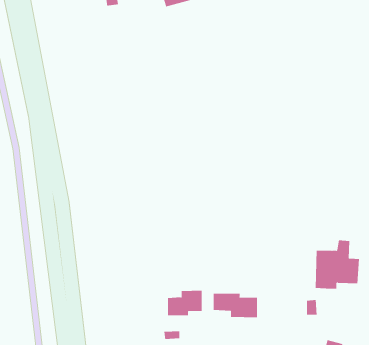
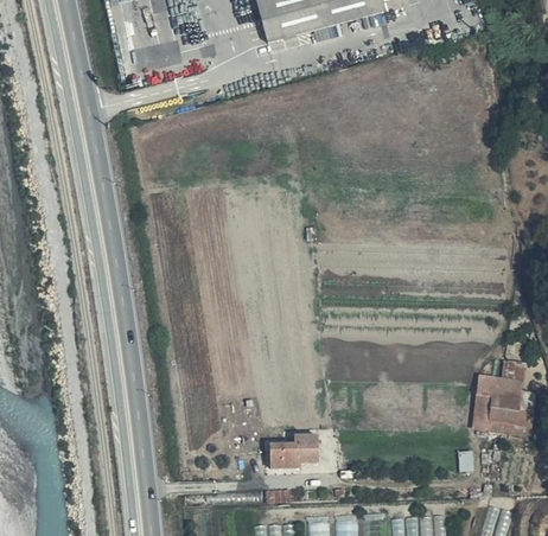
building: [213,293,257,318] -> none

